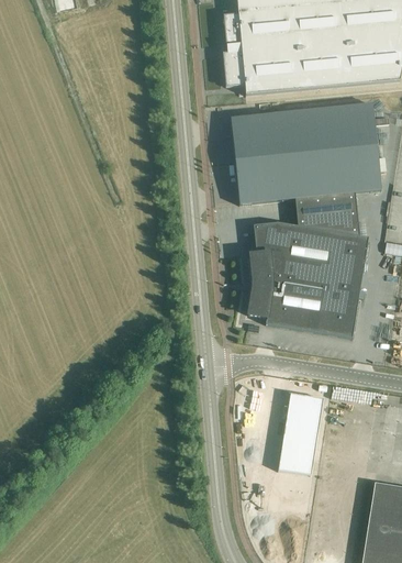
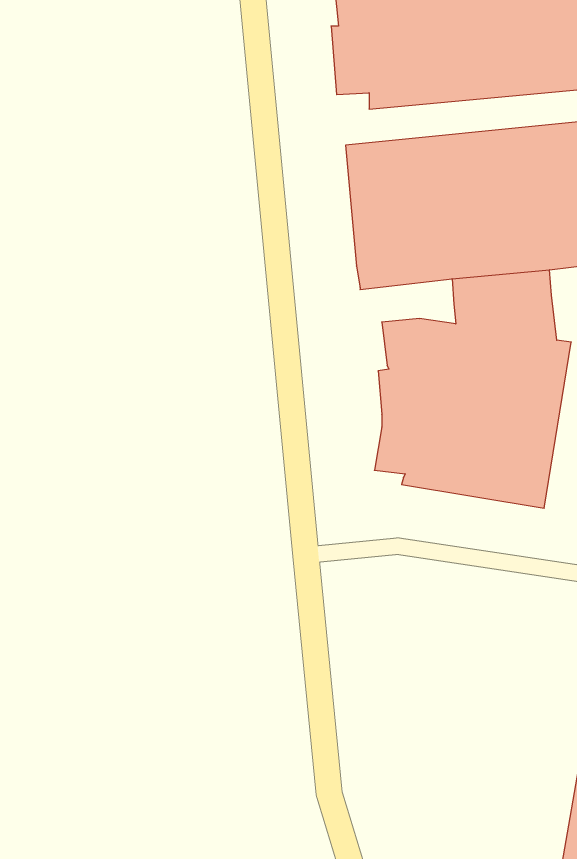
building: [279,394,324,474] -> none

